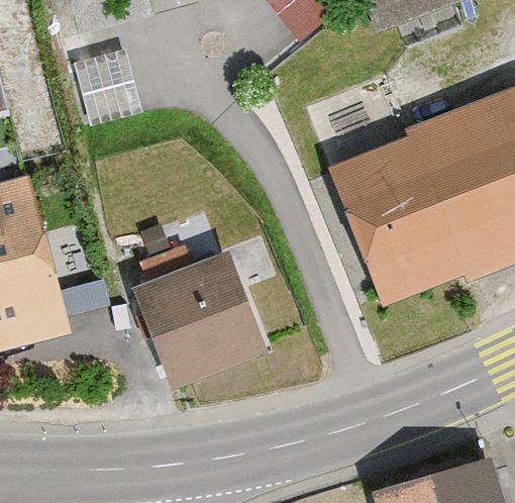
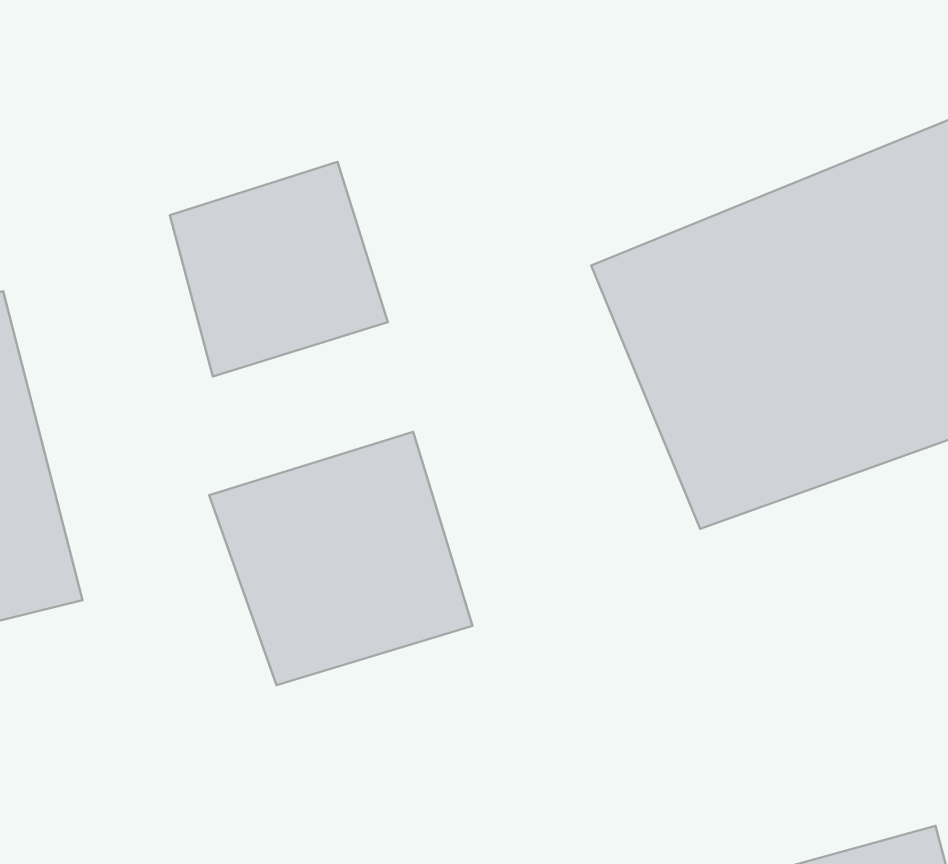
building: none -> [170,162,388,377]

